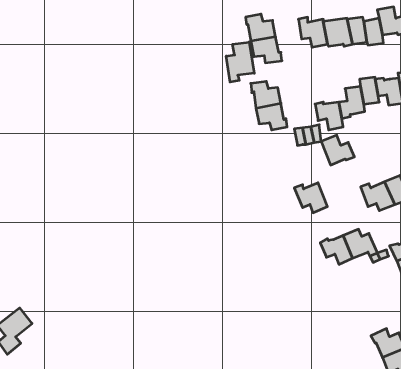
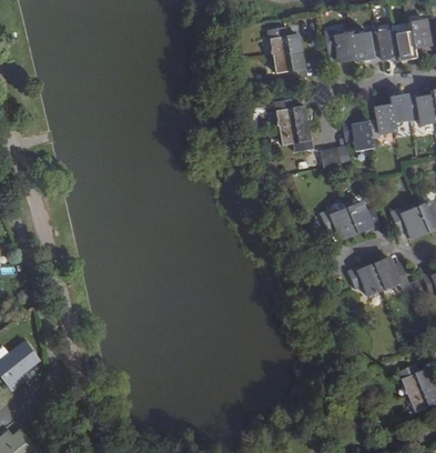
building: [226,42,254,82] -> none
building: [321,135,354,165] -> [344,201,379,233]

